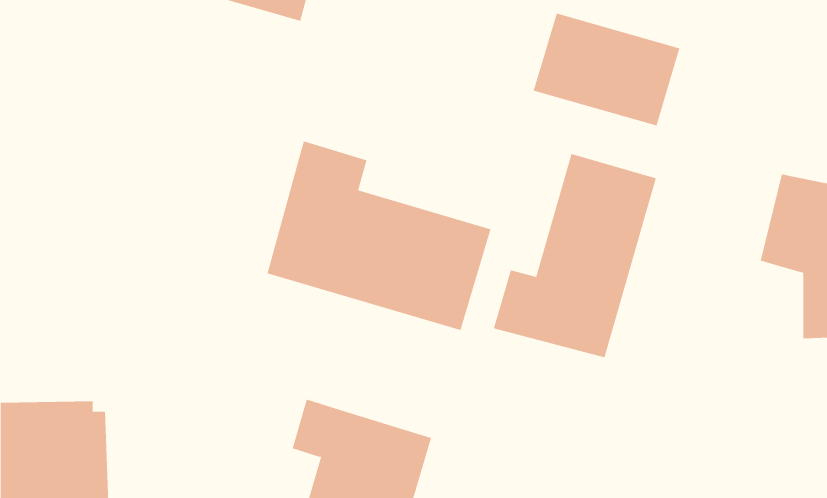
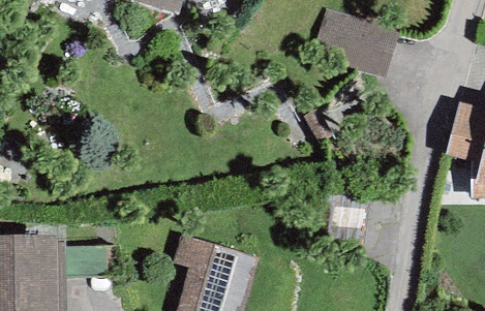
building: [267,141,491,331] -> none
building: [493,153,657,358] -> none

